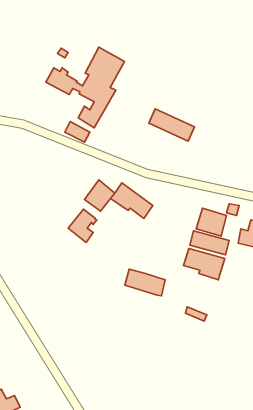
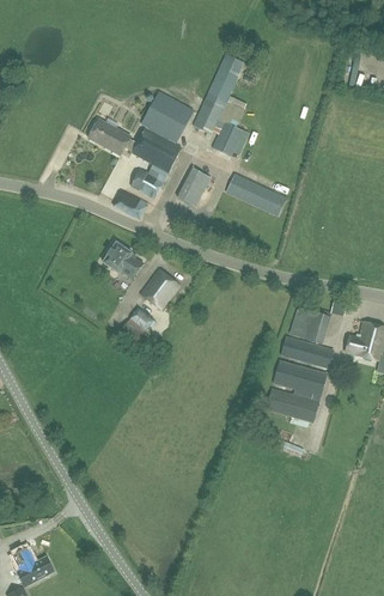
building: none -> [193,53,245,156]
building: none -> [177,166,211,206]
building: none -> [103,241,144,278]
building: [111,183,153,218] -> none
building: [125,269,165,296] -> [266,387,319,422]

